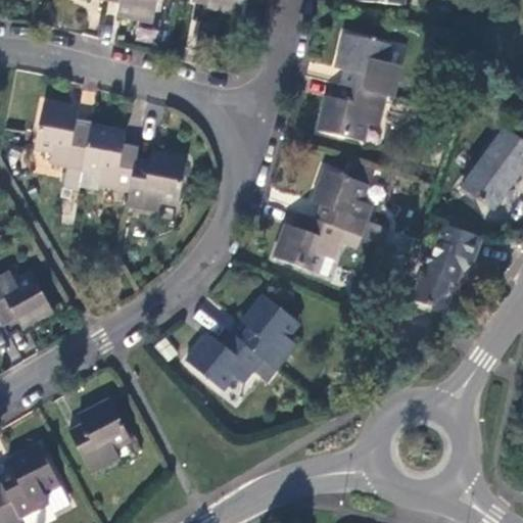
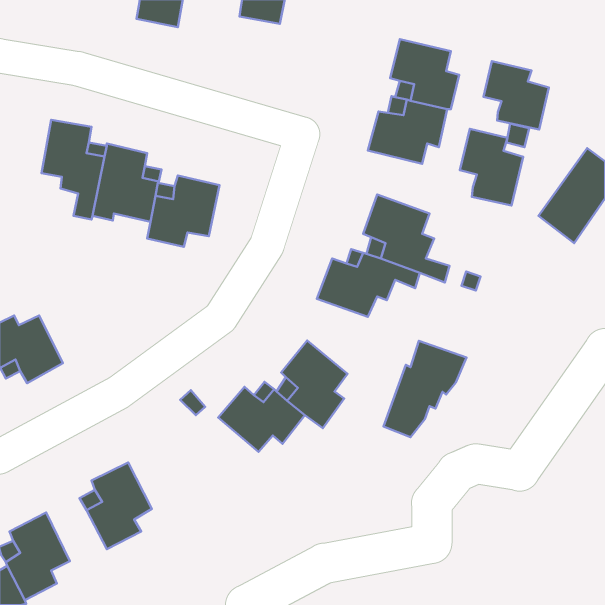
building: none -> [484,61,549,130]
building: none -> [460,129,523,206]
building: [413,225,484,307] -> [383,341,466,437]

